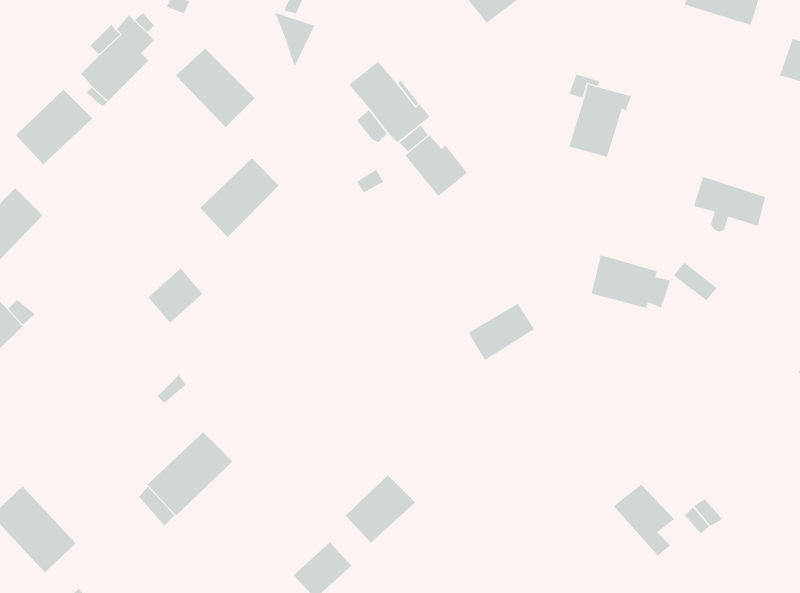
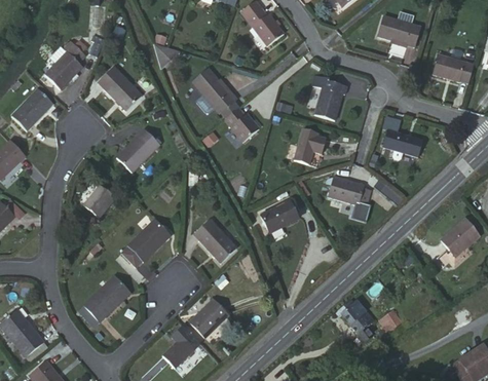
building: none -> [294,129,327,167]
building: none -> [193,208,237,259]
building: none -> [119,214,170,263]

